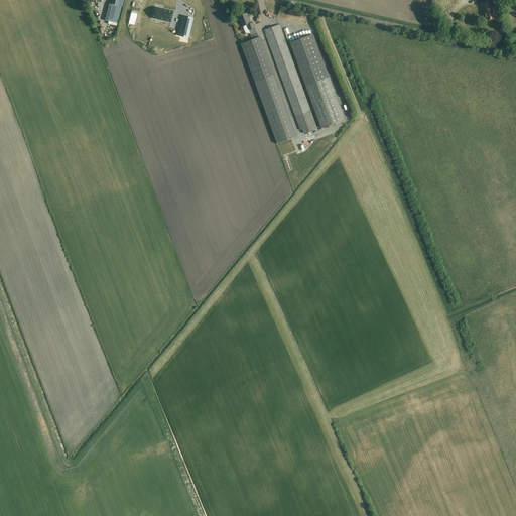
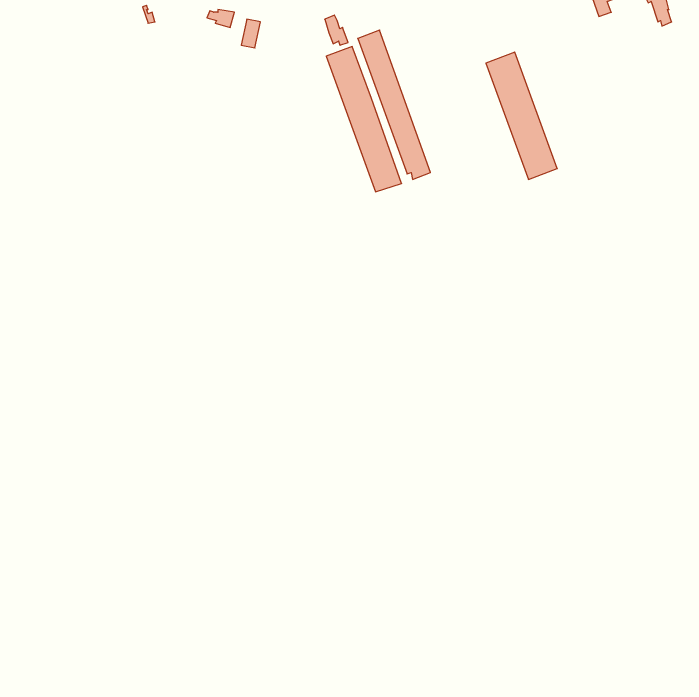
building: [289,32,342,126] -> [486,52,557,179]

